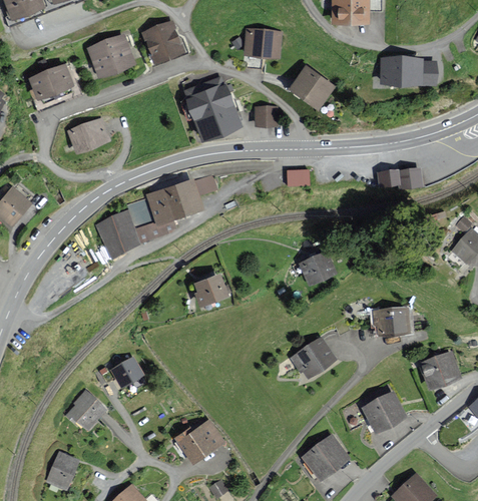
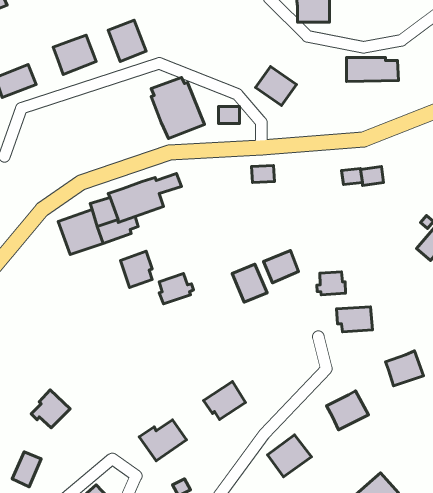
building: [246,30,280,57] -> none
building: [69,120,107,152] -> none
building: none -> [120,251,152,288]
building: none -> [232,264,267,302]
building: none -> [317,272,346,295]
building: [292,339,334,377] -> [203,381,246,420]
building: [112,359,143,388] -> none

